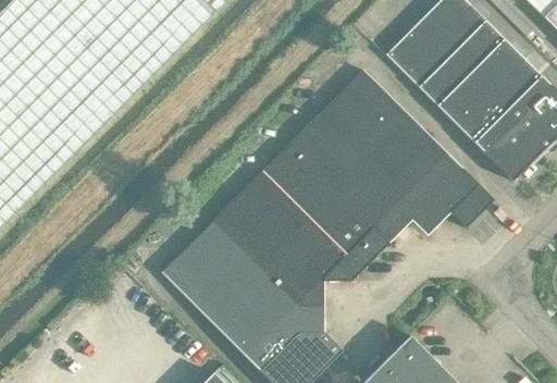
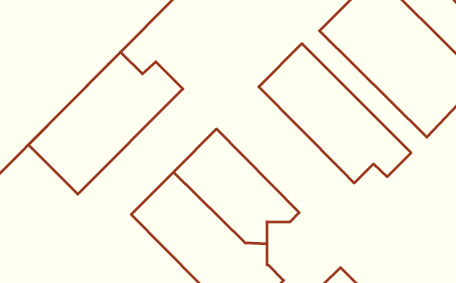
building: none -> [29,52,183,194]
building: [262,121,410,270] -> none

